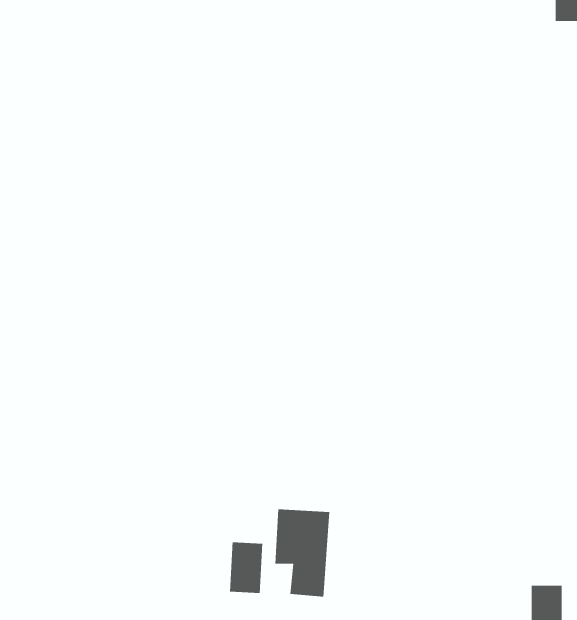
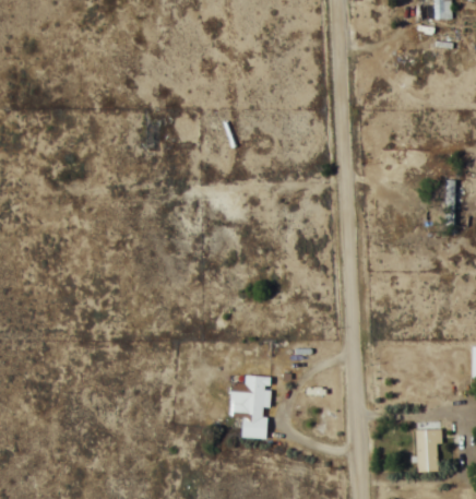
building: [229,542,263,594] -> none

